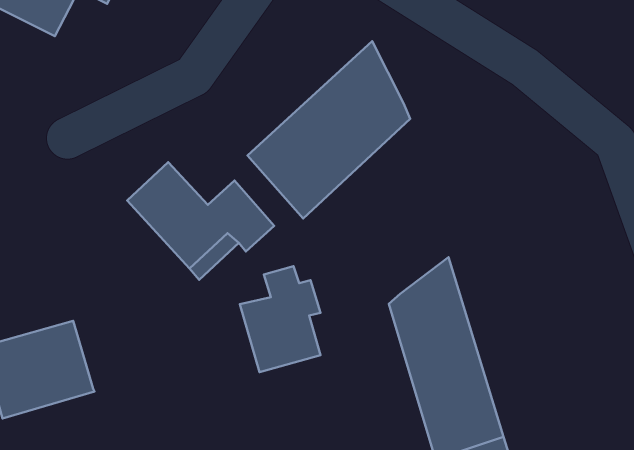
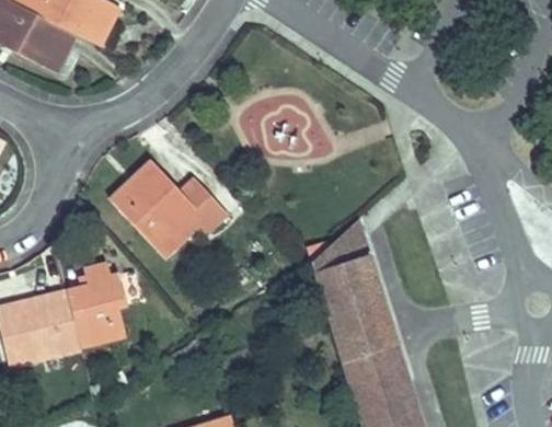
building: [248,41,410,218] -> none
building: [240,266,320,372] -> [70,256,133,338]

